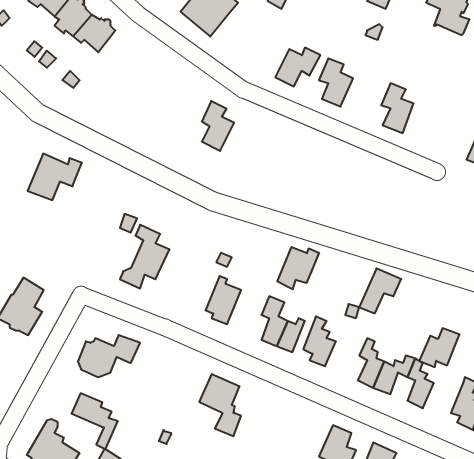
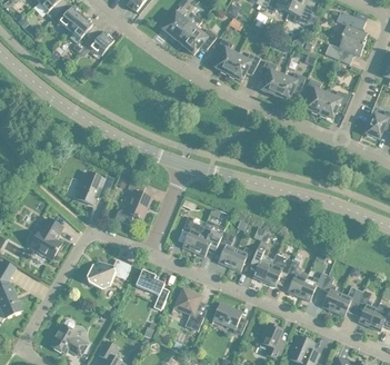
building: none -> [181,27,217,53]
building: none -> [324,36,364,63]
building: none -> [274,71,306,100]
building: none -> [319,90,350,119]
building: [202,101,234,151] -> [214,38,238,73]
building: [28,154,82,200] -> [76,170,114,204]
building: [277,247,319,289] -> [193,226,223,256]
building: [359,268,401,313] -> [263,253,293,285]
building: [419,328,460,367] -> [333,287,362,315]
building: [71,393,118,449] -> [136,269,169,309]
building: none -> [213,303,247,334]

